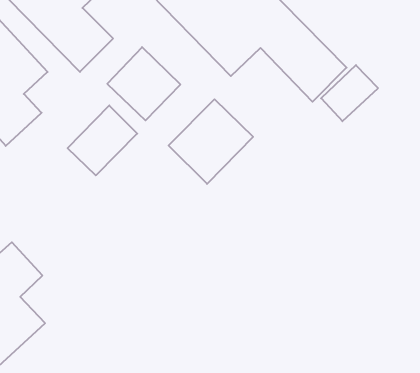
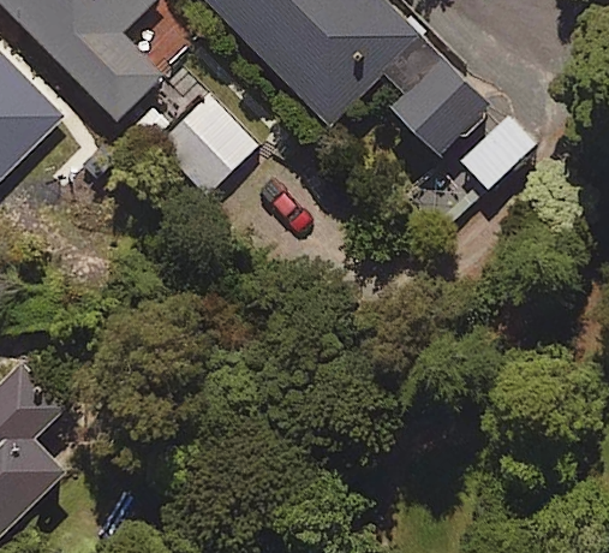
building: [169,99,253,184] -> none
building: [68,105,137,175] -> none

